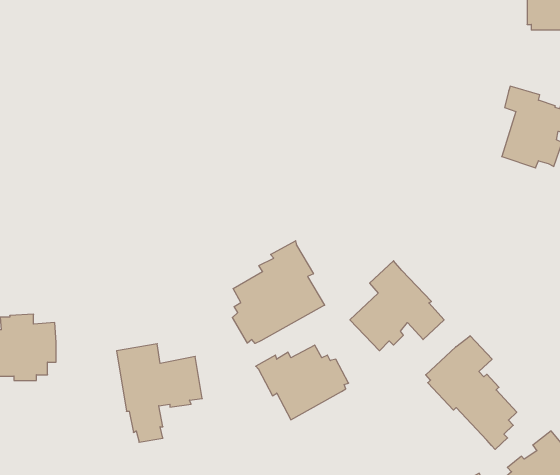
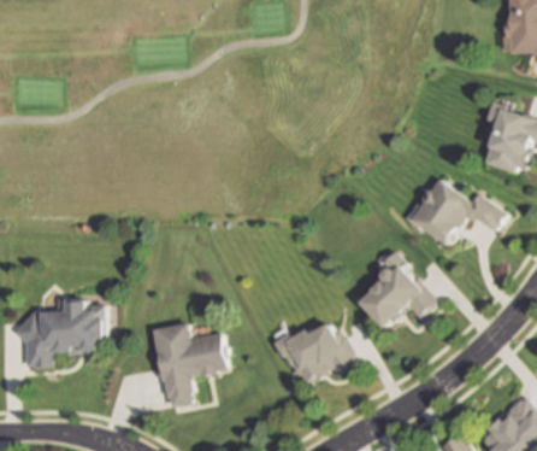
building: none -> [407,180,503,245]
building: [232,241,325,343] -> none
building: [426,336,517,449] -> none

